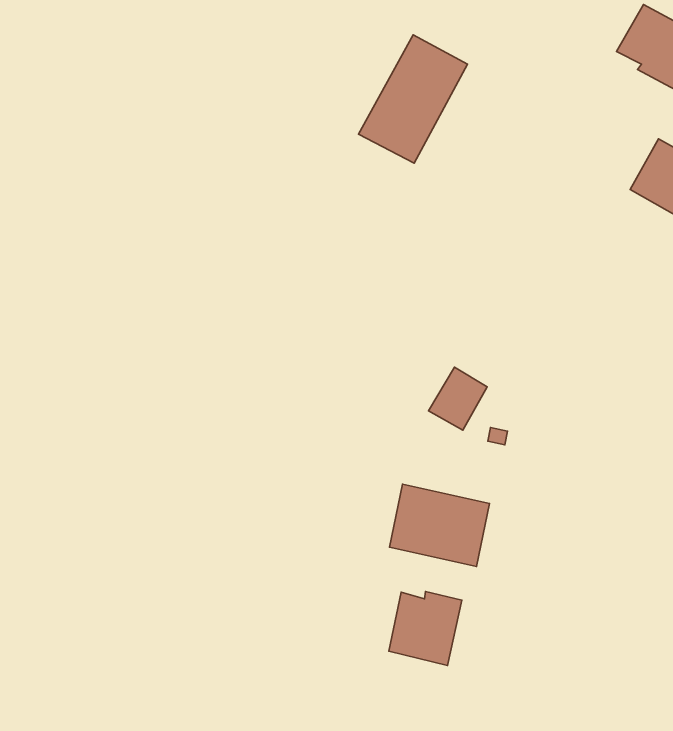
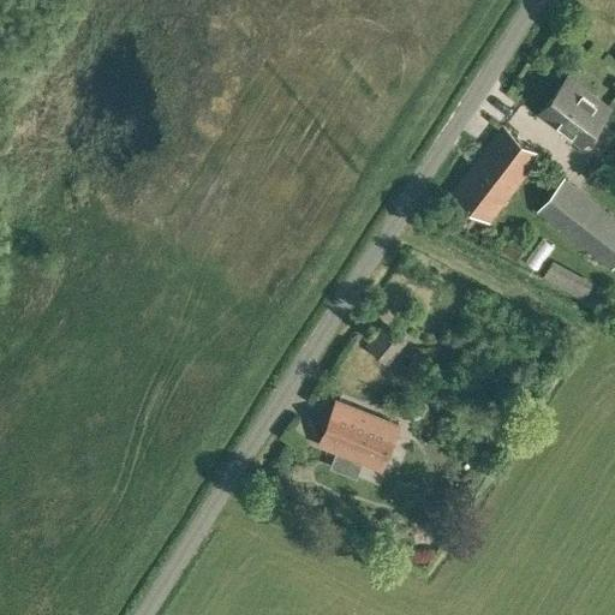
building: [358,35,467,163] -> [453,130,541,223]
building: [389,591,462,665] -> none

